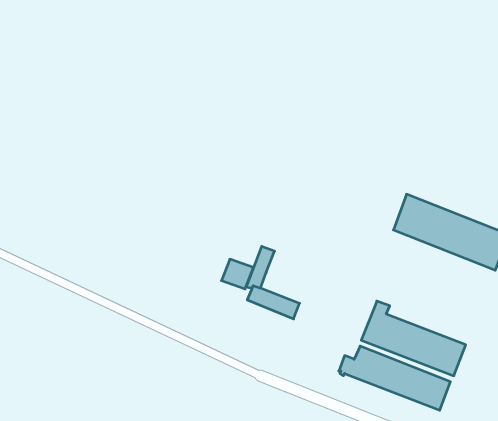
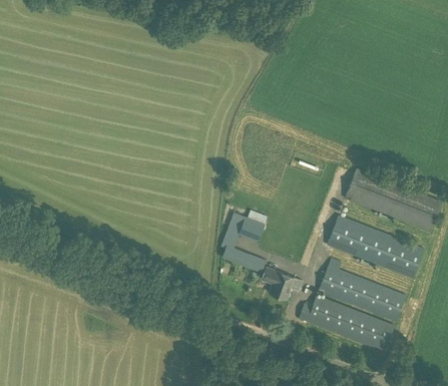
building: none -> [327,215,424,278]
building: [221,259,253,289] -> [238,216,265,241]
building: none -> [262,266,303,298]

